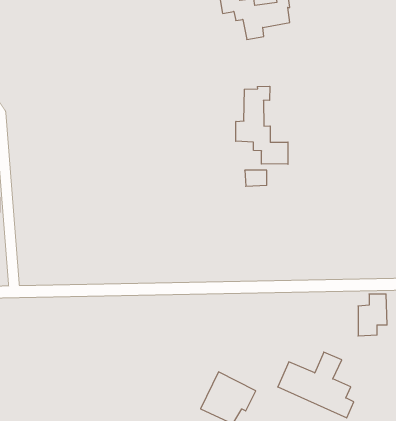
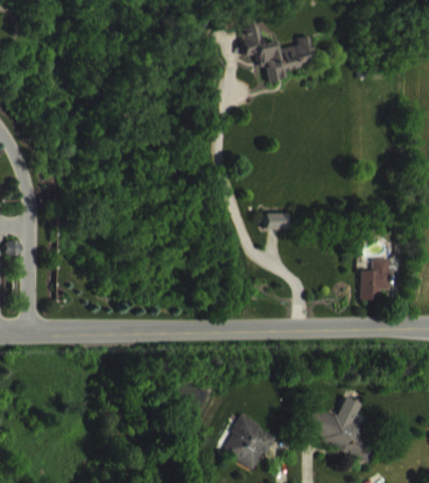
building: [236,86,288,164] -> none
building: [358,294,387,336] -> [361,259,390,301]

